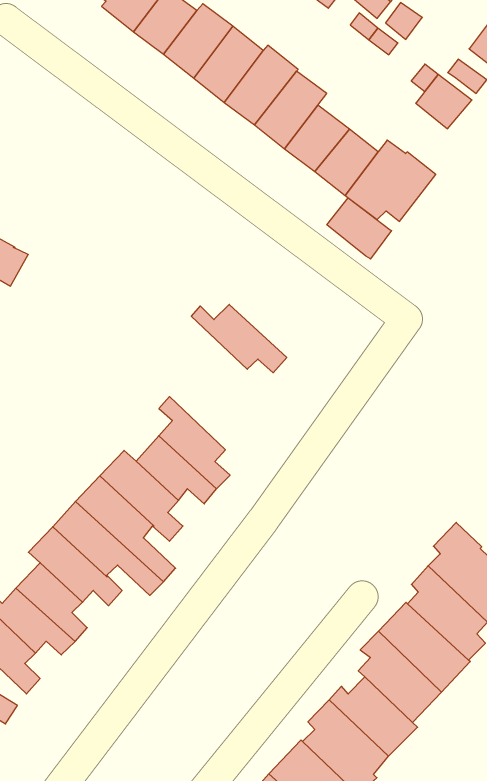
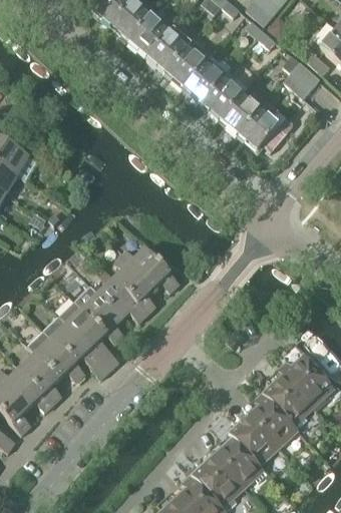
building: [327,198,392,259] -> none
building: [191,304,287,373] -> [121,247,180,292]

